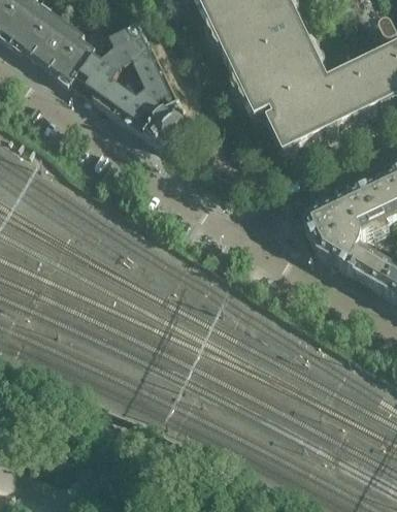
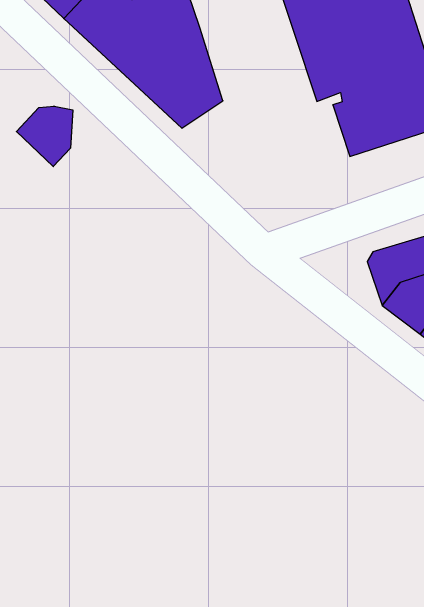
building: none -> [16,106,73,167]

